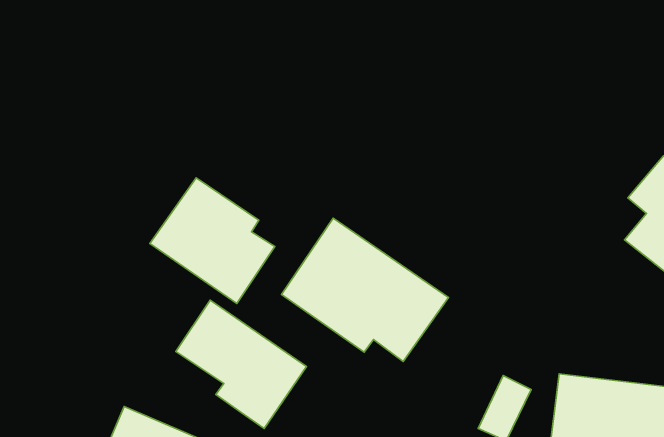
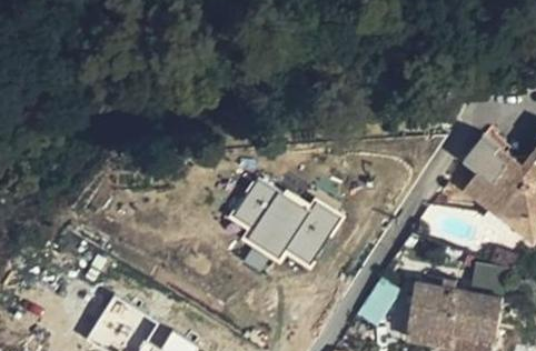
building: [150,178,275,303] -> none
building: [176,300,306,429] -> none

